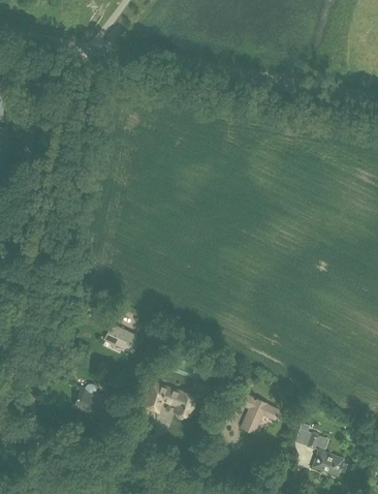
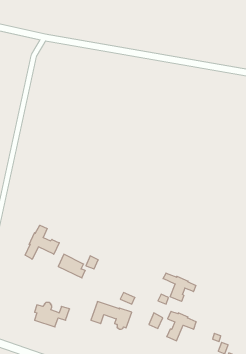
building: none -> [25,225,59,259]
building: none -> [163,273,196,301]

